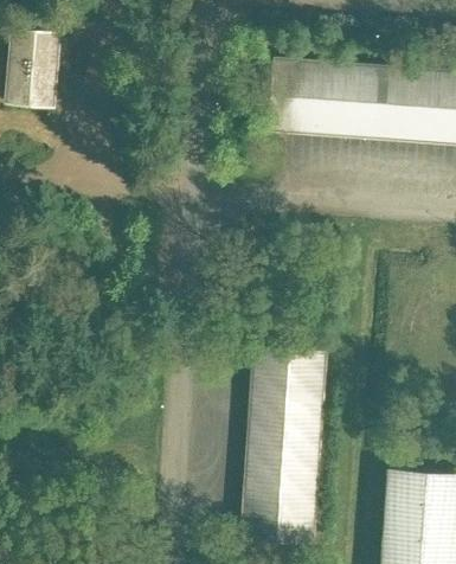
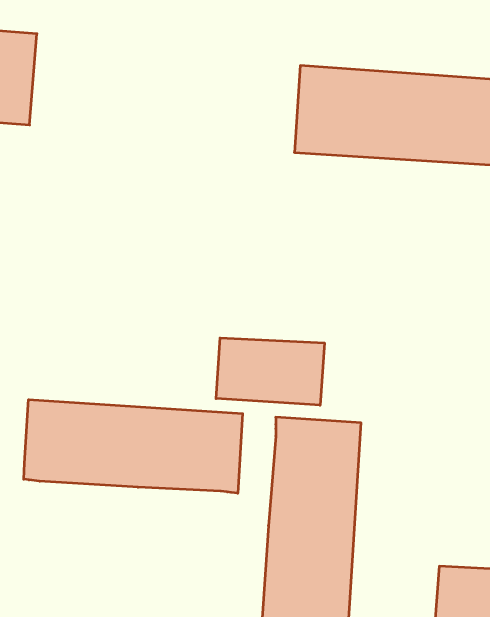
building: none -> [216,338,324,405]
building: none -> [24,400,243,493]

